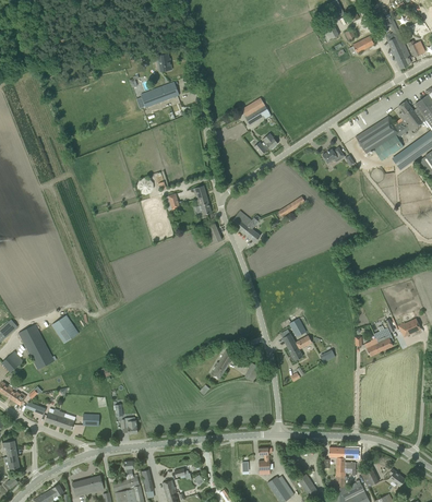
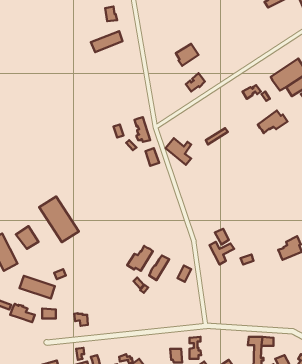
building: none -> [258,111,288,133]
building: none -> [39,196,79,242]
building: none -> [127,246,153,271]
building: none -> [20,276,55,298]

